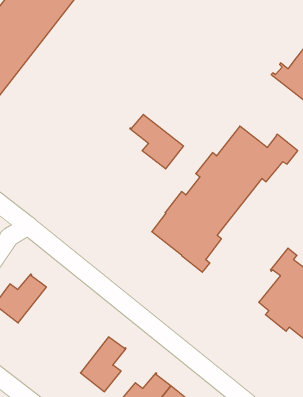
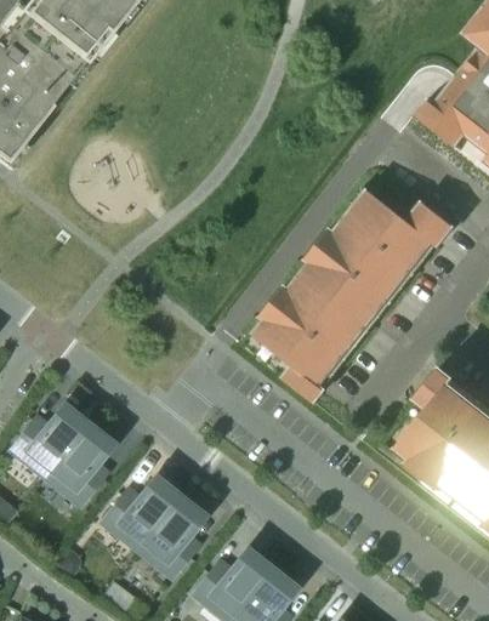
building: [130,114,184,169] -> none
building: none -> [47,423,114,503]
building: none -> [103,475,180,548]

